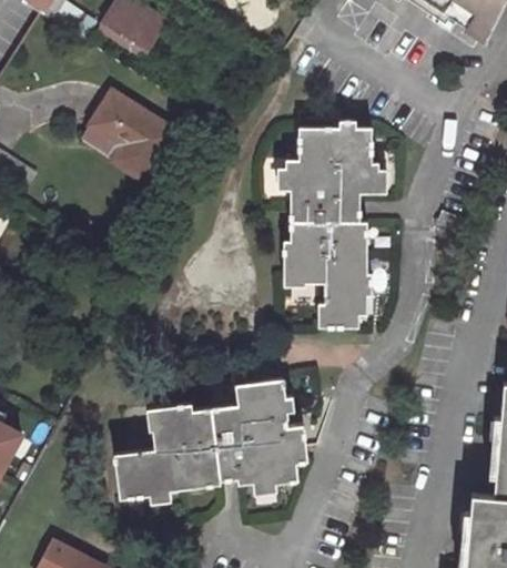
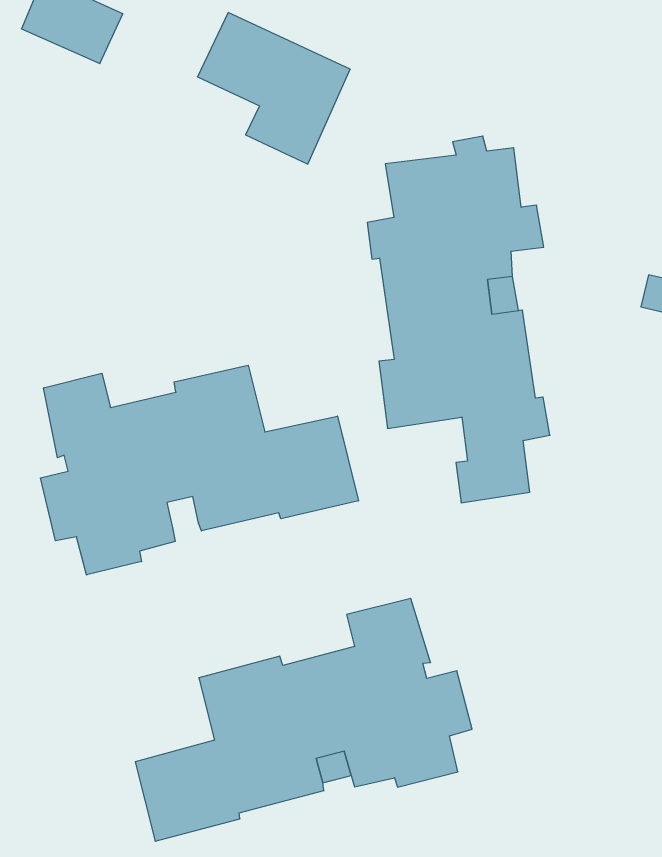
building: [89,97,176,189] -> [197,13,350,164]
building: none -> [41,365,358,575]

